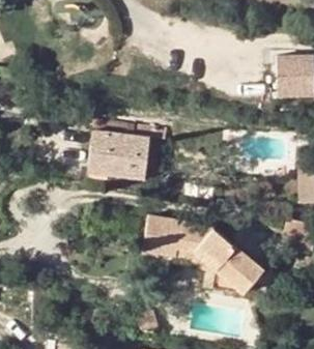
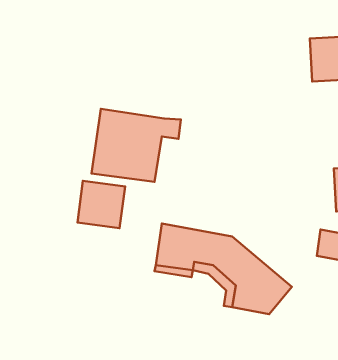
building: none -> [77,181,125,228]

